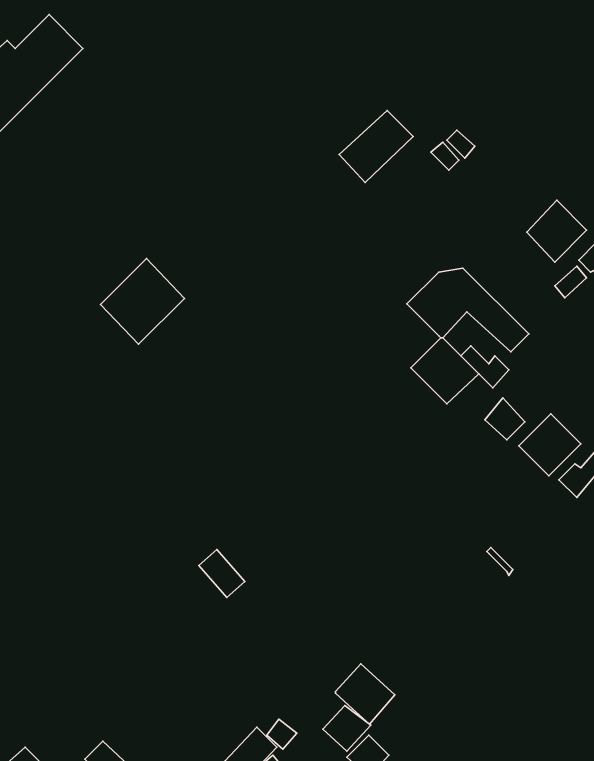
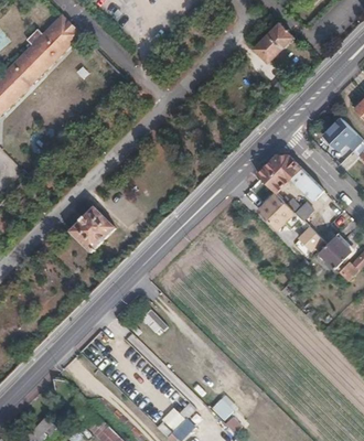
building: [339,111,413,183] -> [254,22,295,62]
building: [100,258,184,344] -> [68,207,115,255]
building: [336,664,395,724] -> none

